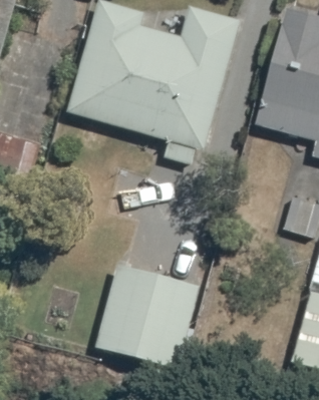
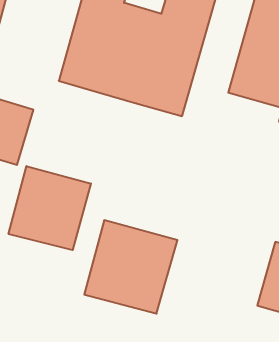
building: none -> [9,166,91,250]

